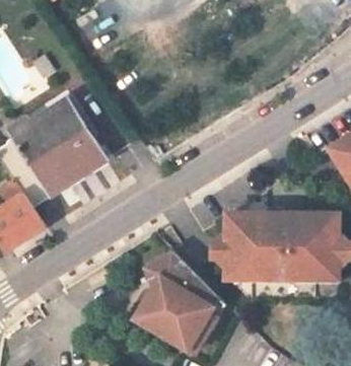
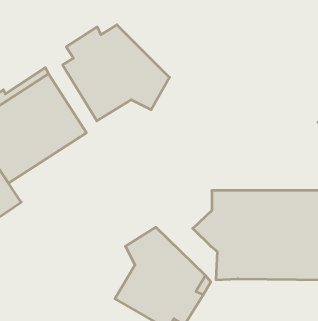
building: none -> [63,25,170,121]

